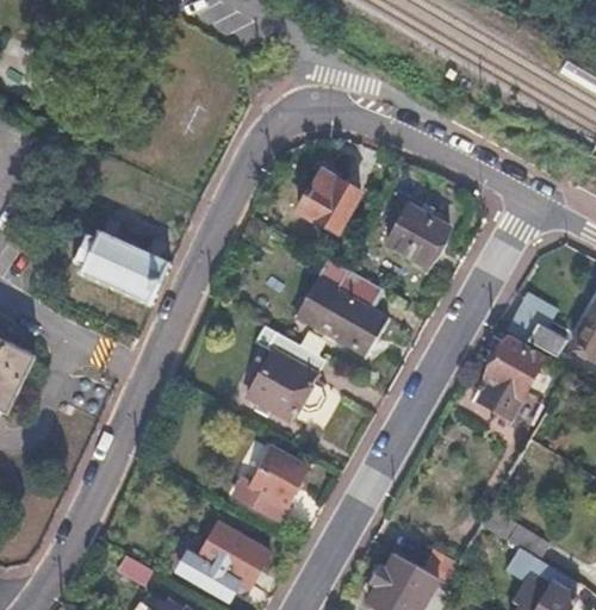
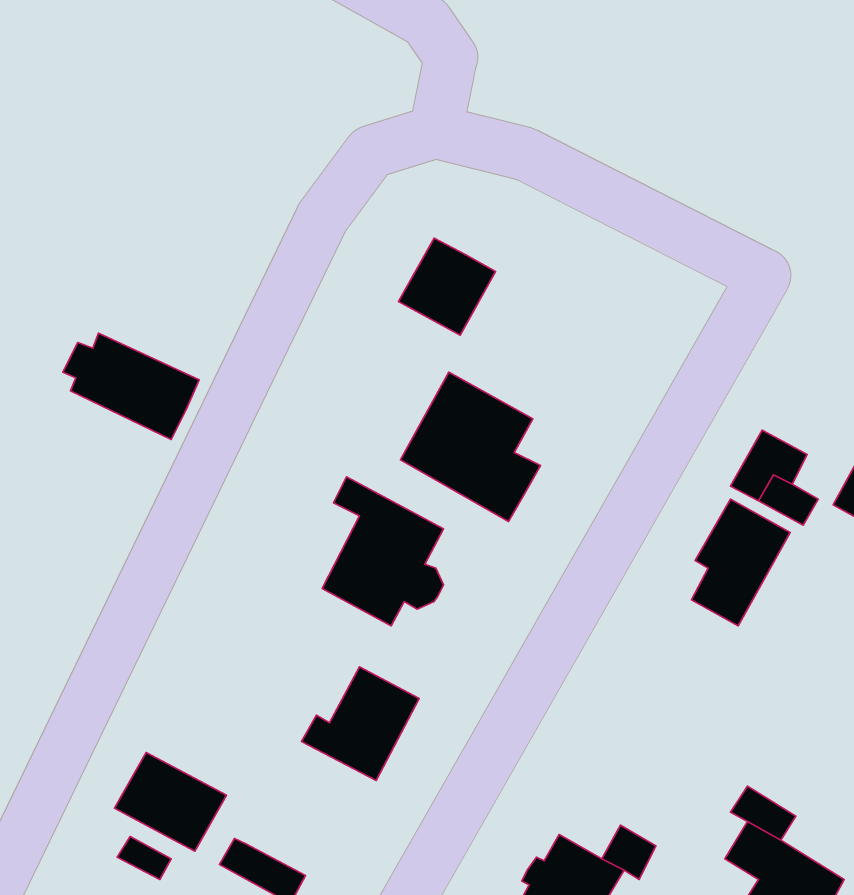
building: [384,206,446,267] -> none
building: [197,524,268,587] -> [114,752,226,851]

